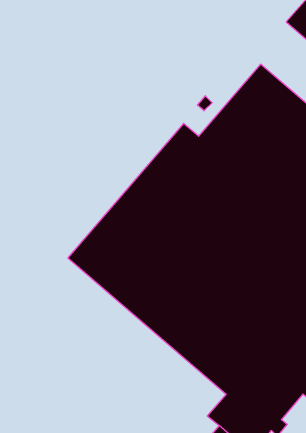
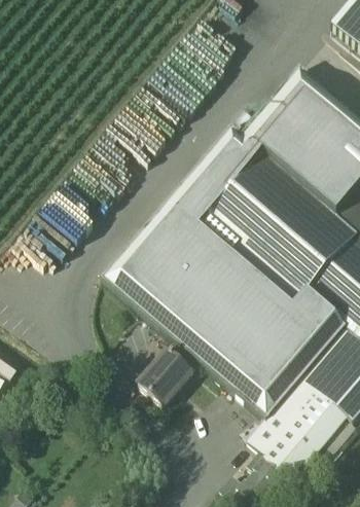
building: none -> [138,342,200,407]

